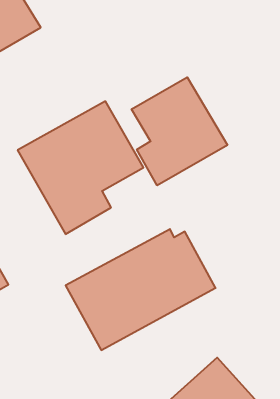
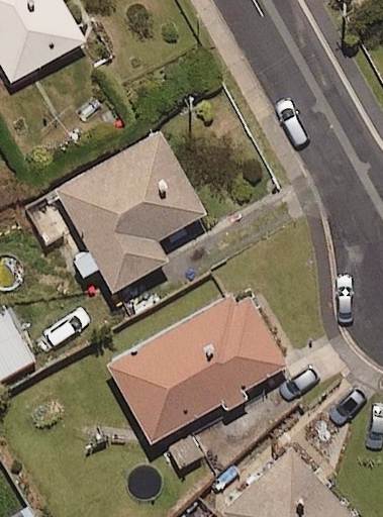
building: [132,77,227,185] -> none

